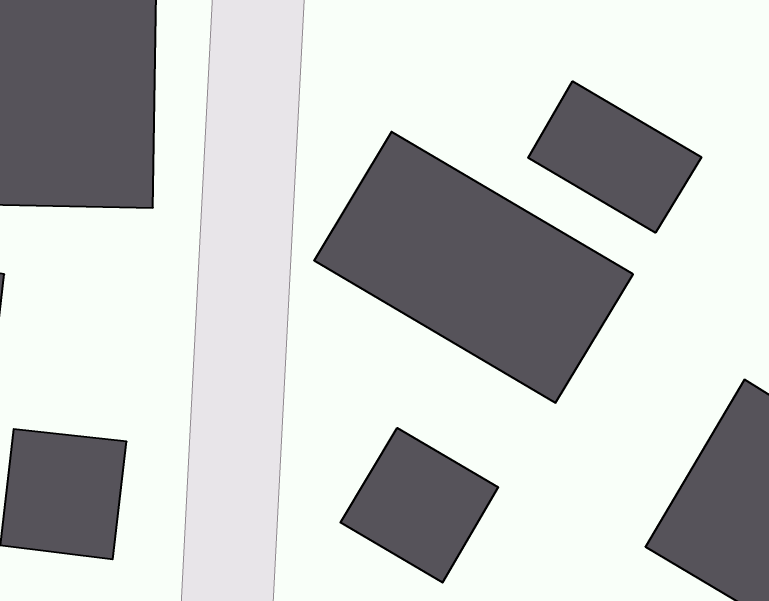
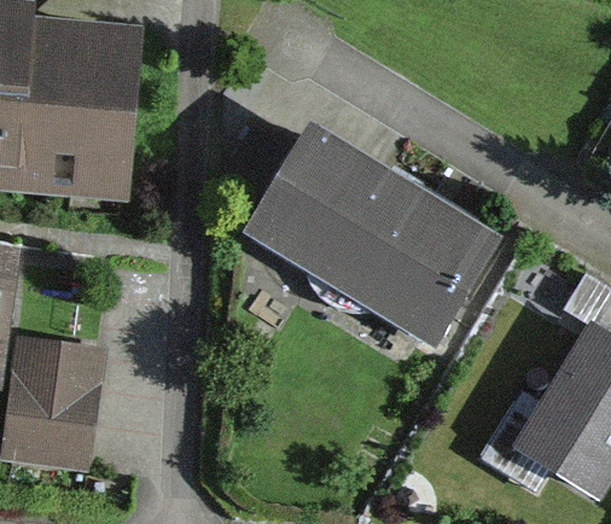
building: [528,81,701,233] -> none
building: [340,428,498,583] -> none

